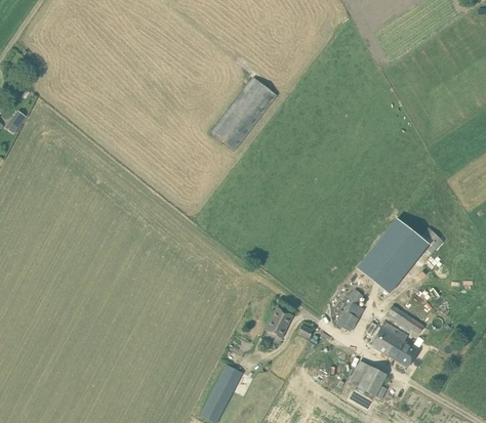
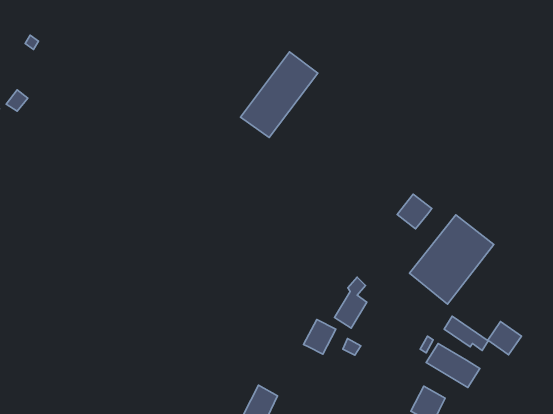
building: none -> [397,194,432,229]
building: [335,288,363,332] -> [335,277,367,328]
building: none -> [488,321,521,355]

